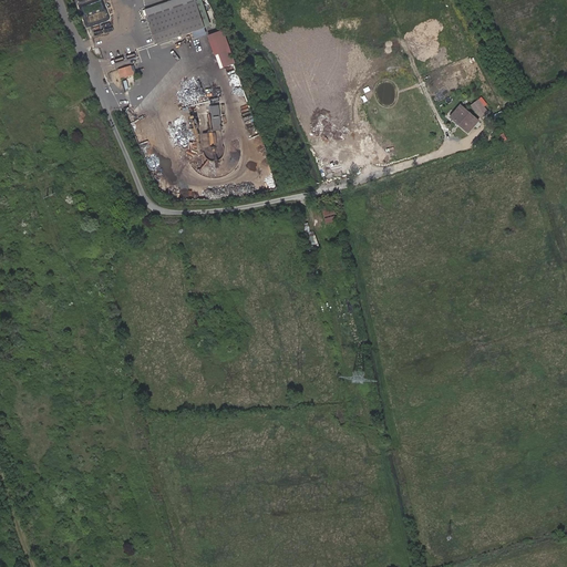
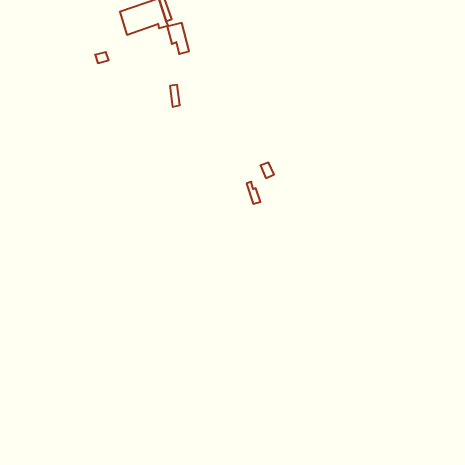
building: [447,101,478,131] -> none

